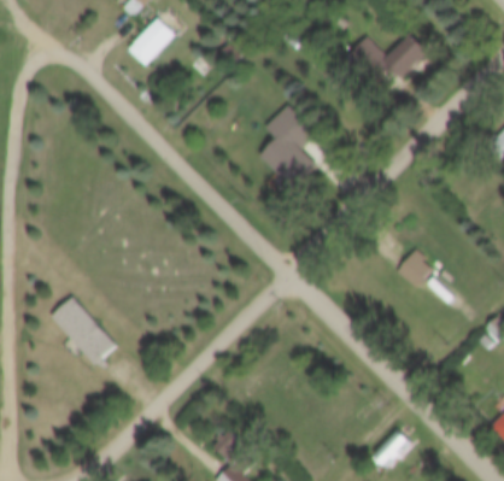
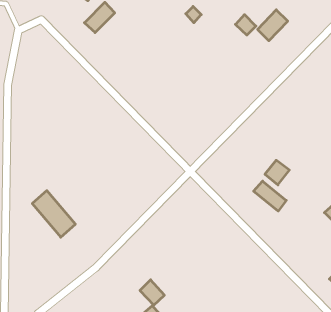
building: [260,106,317,189] -> none
building: none -> [254,181,286,211]
building: [373,428,409,464] -> none

